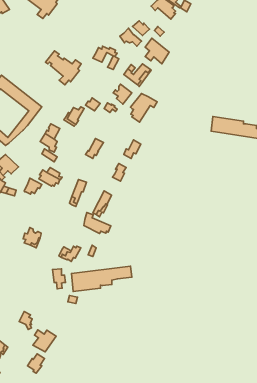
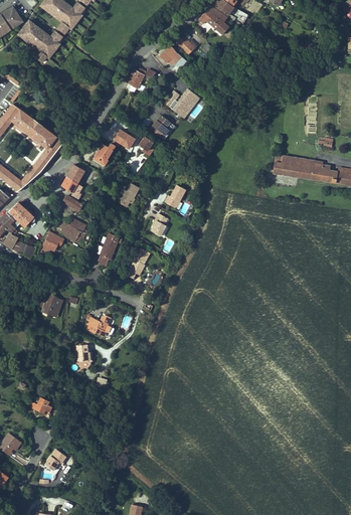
building: [145,38,169,64] -> none
building: [45,51,81,85] -> [18,20,62,62]
building: [131,93,157,122] -> none
building: [84,212,111,234] -> none
building: [72,266,132,292] -> none
building: [33,330,56,352] -> none

